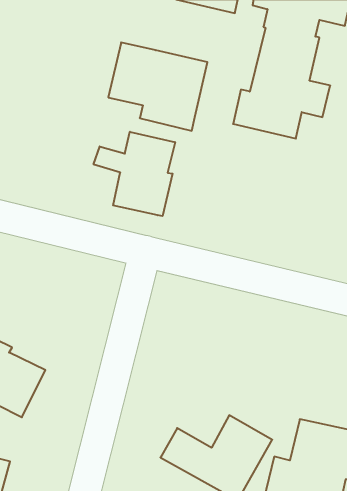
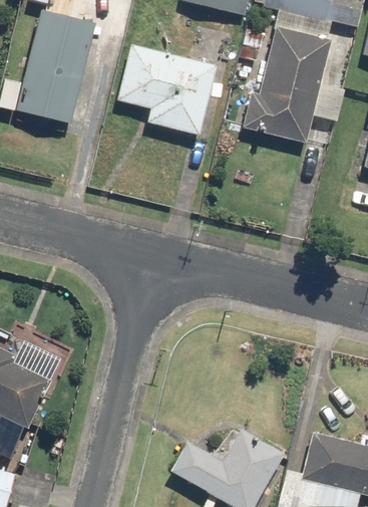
building: none -> [16,10,94,122]
building: [94,132,175,216] -> none

